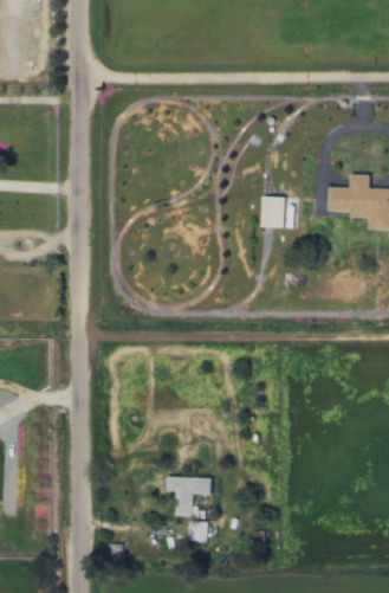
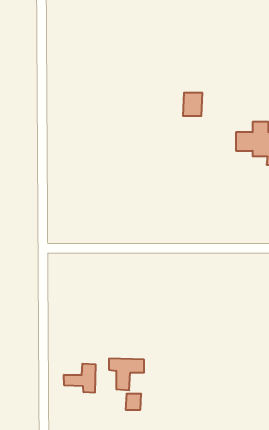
building: [261,198,286,227] -> [183,93,202,116]
building: none -> [64,364,96,393]

